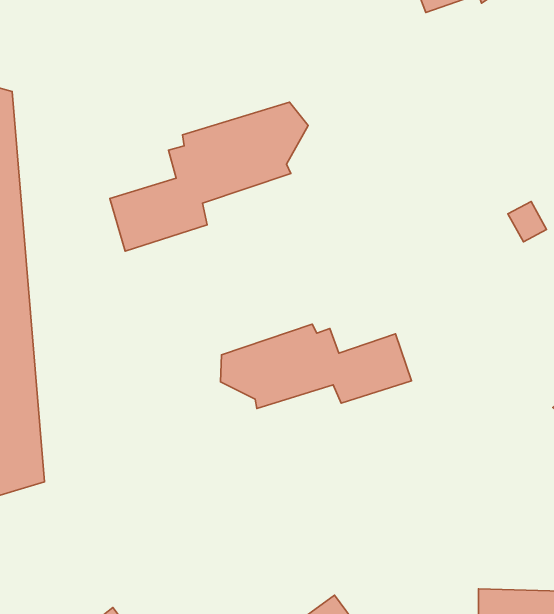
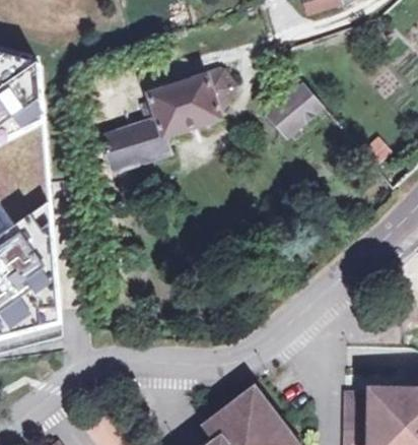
building: none -> [268,83,322,134]
building: [220,324,412,408] -> none

